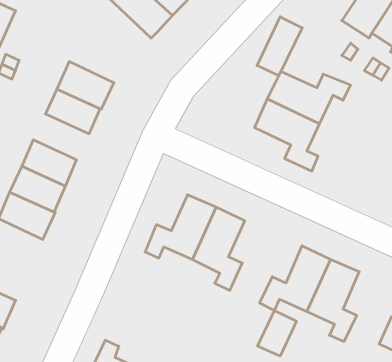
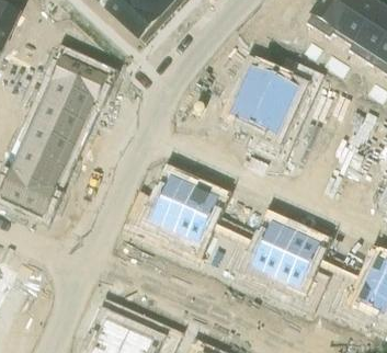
building: [257,17,302,76] -> none
building: none -> [34,103,83,144]
building: [258,310,296,356] -> none

